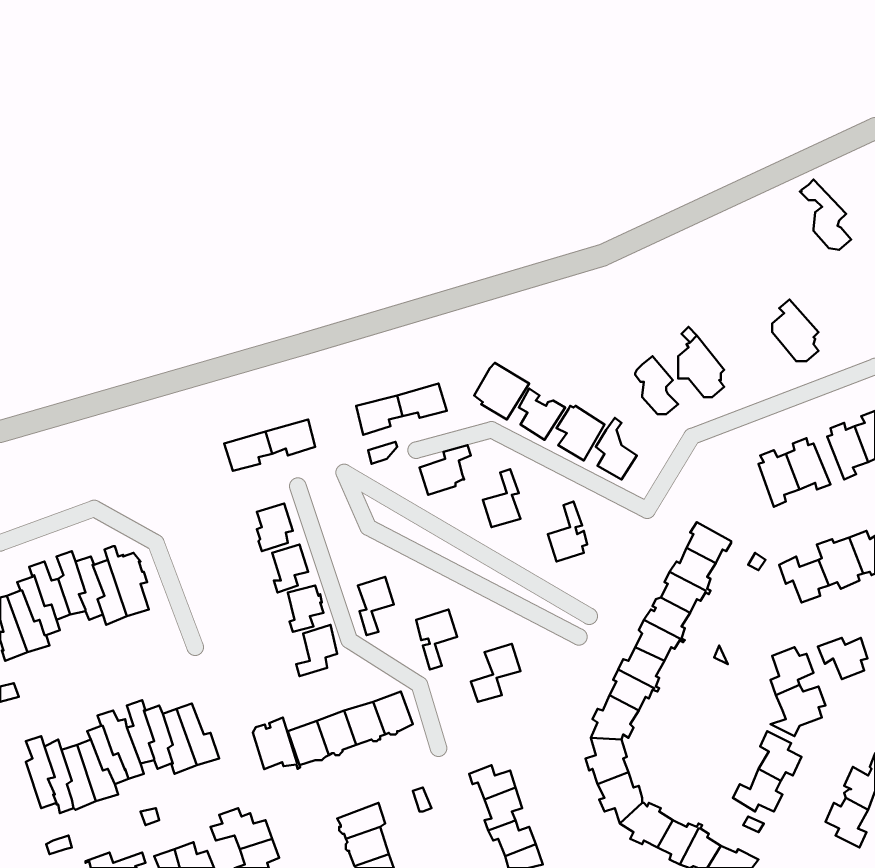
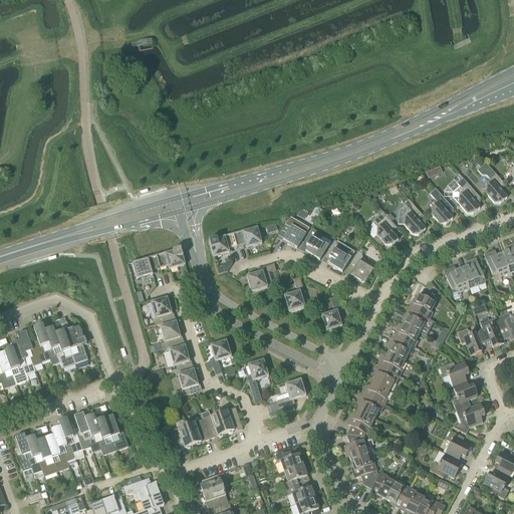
building: [800,180,851,250] -> [477,161,507,202]
building: none -> [430,187,453,222]
building: none -> [409,289,437,319]
building: [818,638,868,679] -> [439,360,468,384]
building: [253,717,300,769] -> none

